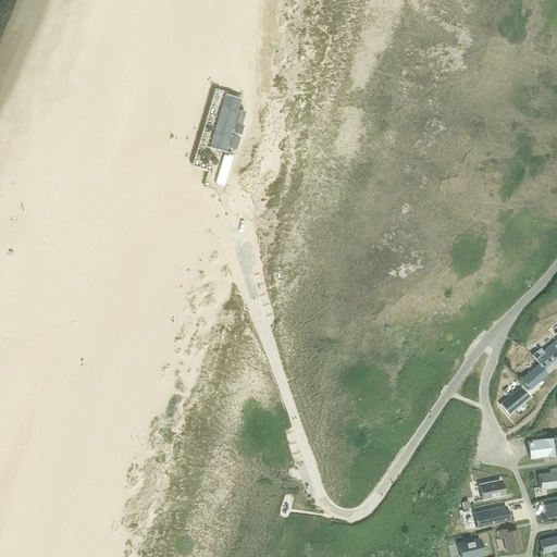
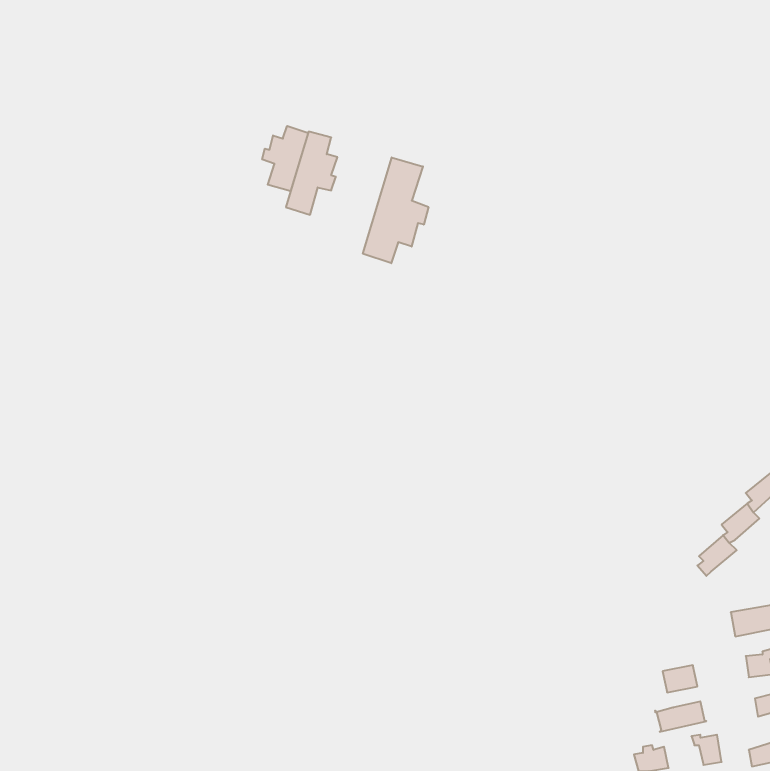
building: none -> [262,126,308,191]
building: none -> [363,157,428,263]

